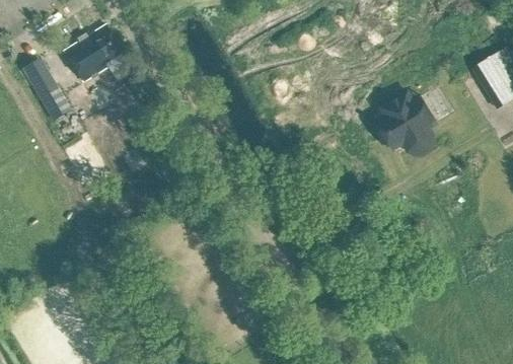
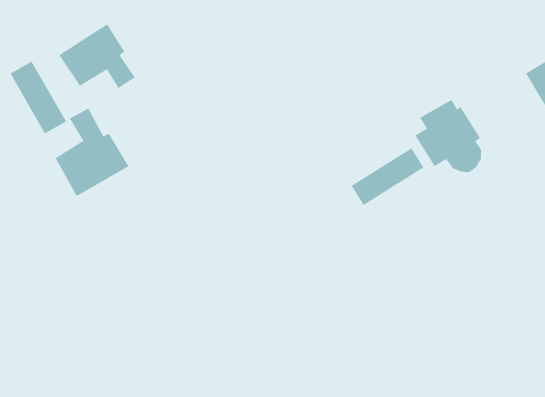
building: none -> [55,108,129,197]
building: none -> [351,148,424,206]

